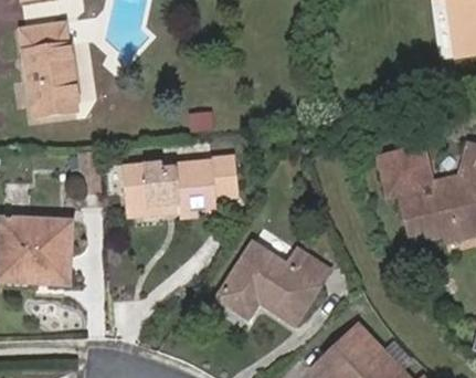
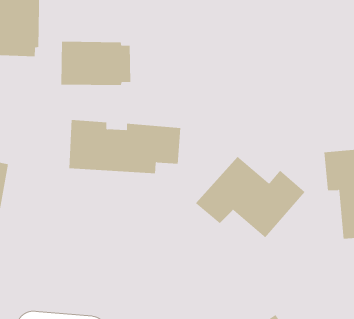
building: none -> [61,41,131,86]
building: [219,244,326,321] -> [195,156,305,238]

